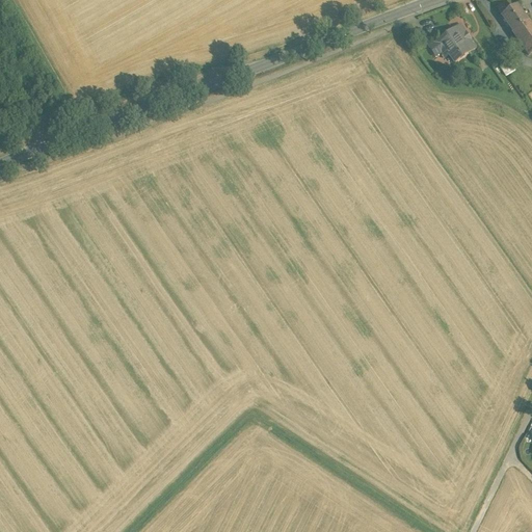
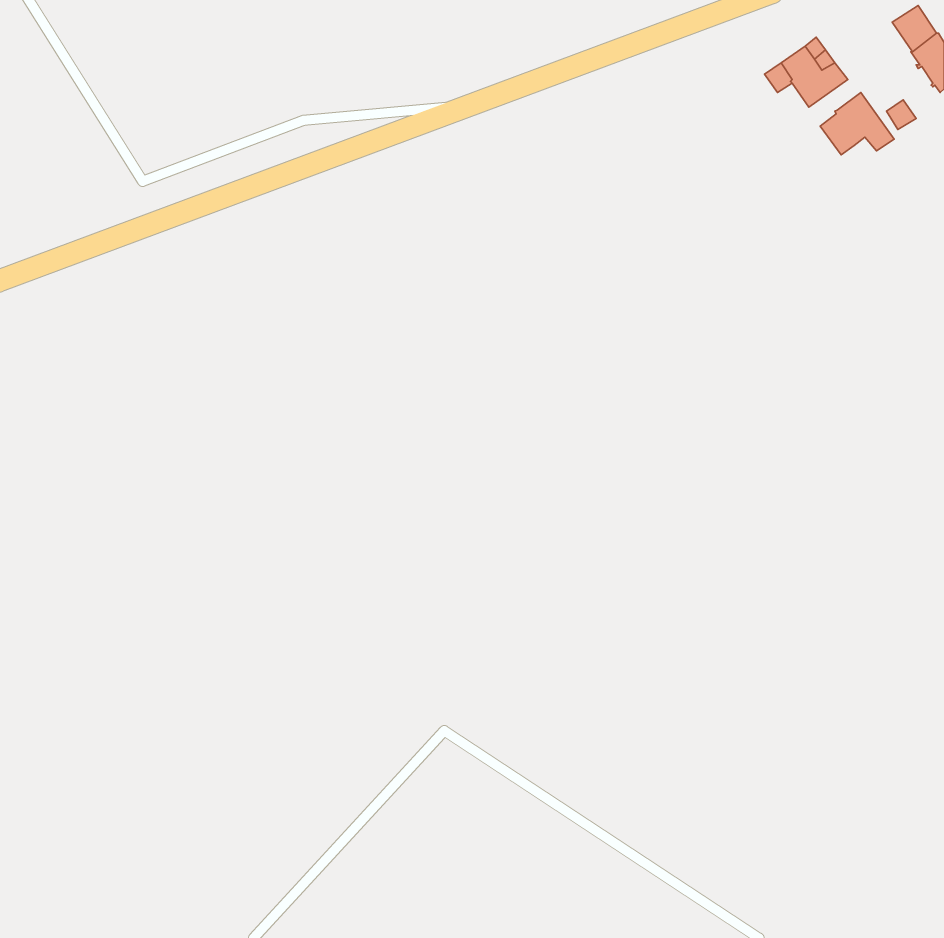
building: none -> [820,92,894,155]

